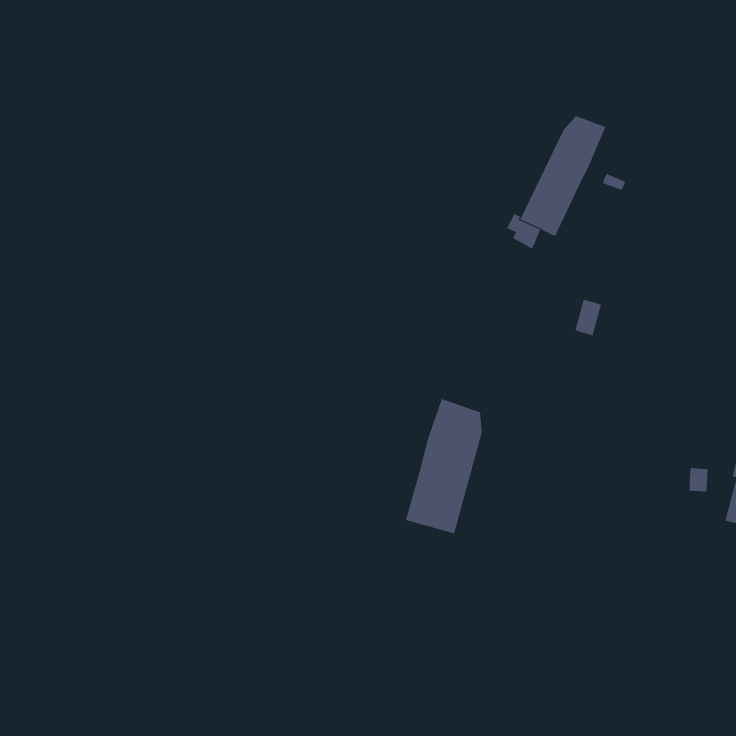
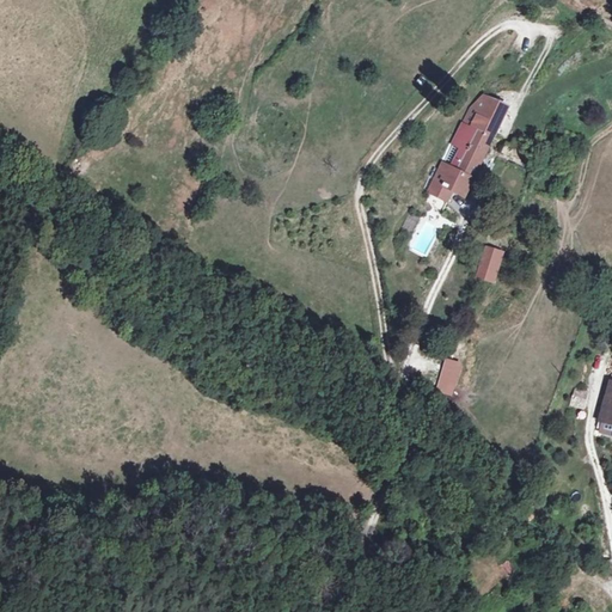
building: [405,398,482,534] -> none
building: none -> [436,356,463,396]

